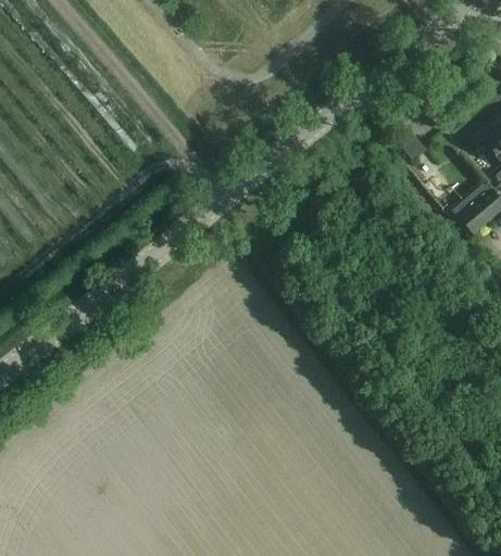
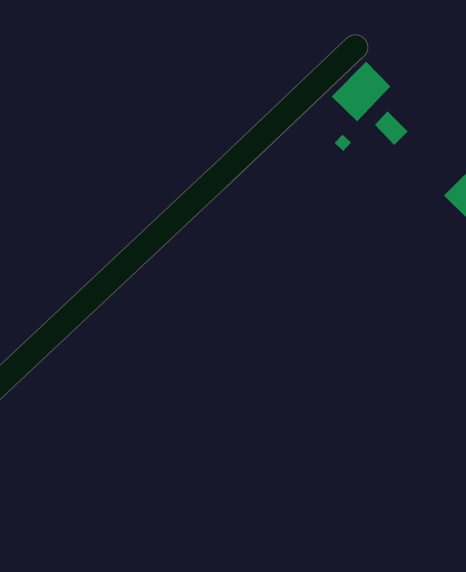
building: none -> [331,61,391,122]

